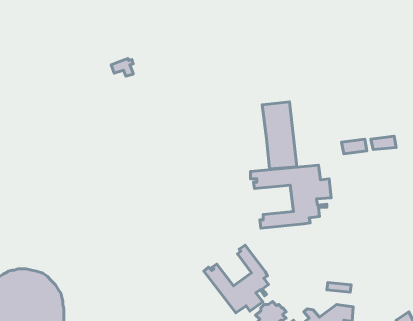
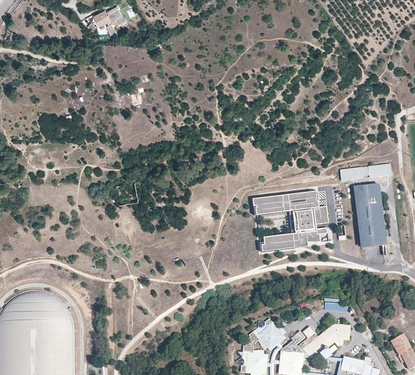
building: [262,102,297,169] -> [353,184,386,248]
building: [204,245,269,313] -> none

